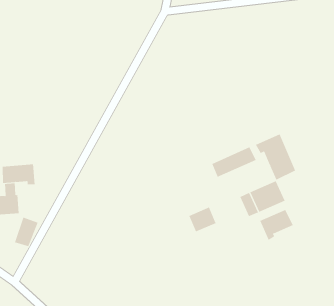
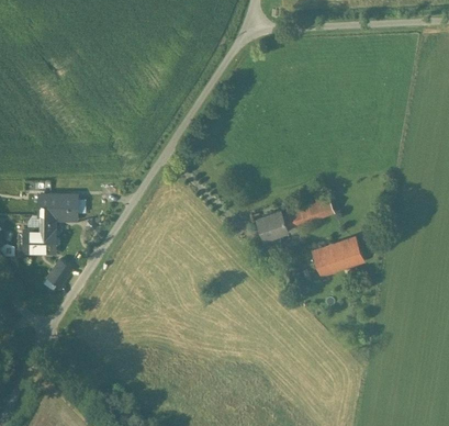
building: [255,134,296,181] -> none
building: [189,207,217,232] -> [256,212,288,240]
building: [260,209,294,241] -> none

